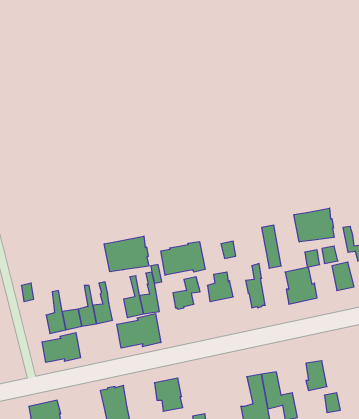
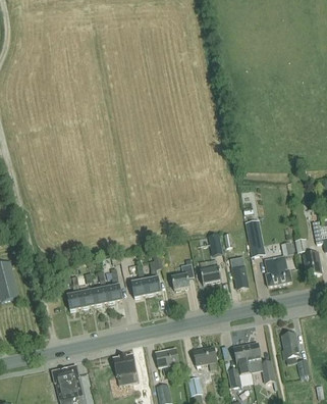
building: [294,208,334,242] -> none
building: [104,236,149,272] -> none
building: [161,242,205,275] -> none
building: [117,314,161,348] -> none
building: [42,333,80,362] -> none
building: none -> [194,346,219,369]

